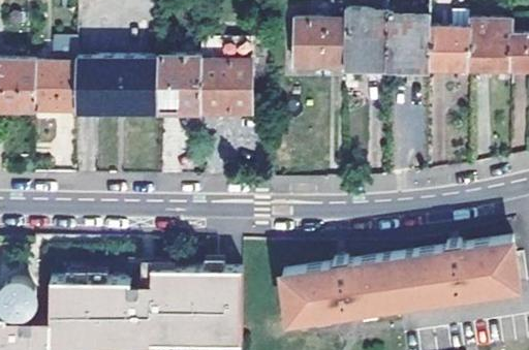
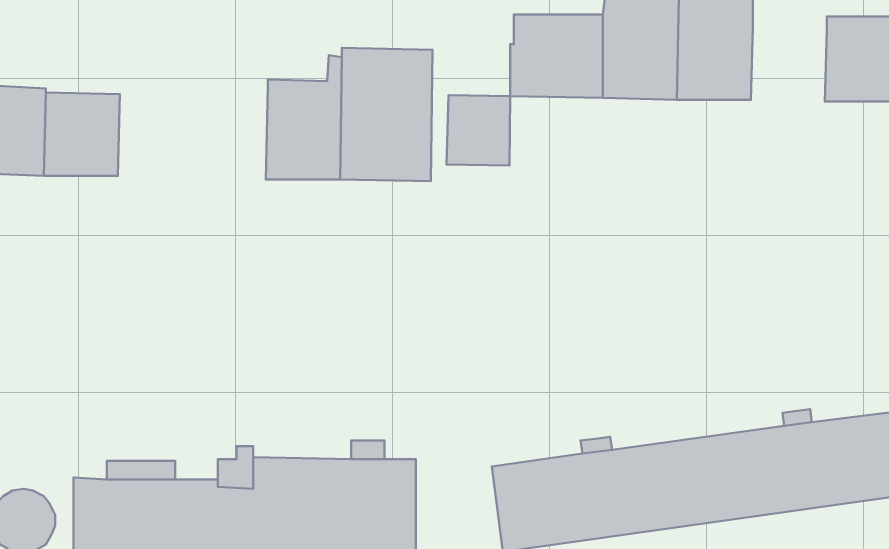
building: [428,28,470,69] -> none
building: [74,59,158,113] -> none
building: none -> [446,95,510,165]

